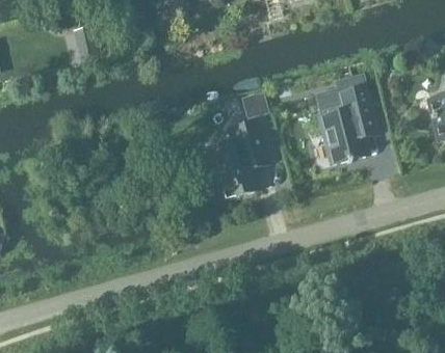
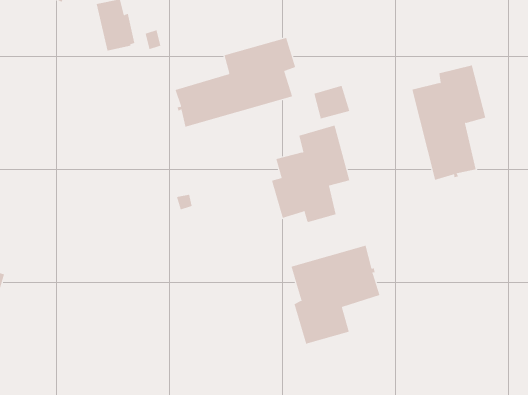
building: none -> [175,37,296,128]
building: none -> [291,245,380,344]

